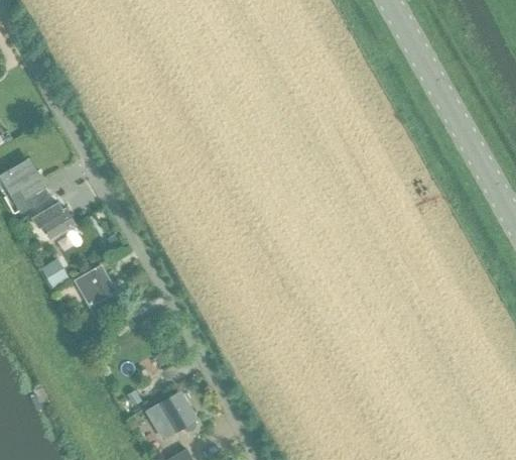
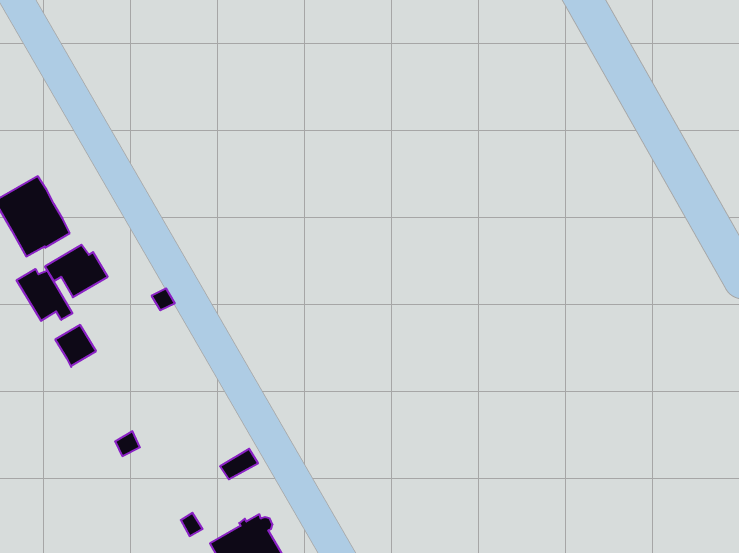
building: none -> [17,269,72,321]
building: [76,268,119,316] -> none

